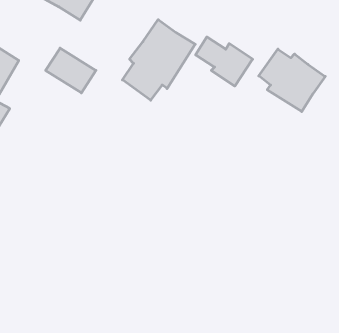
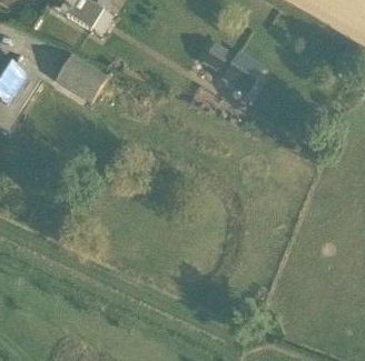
building: [122,20,195,100] -> none
building: [259,49,325,112] -> none

